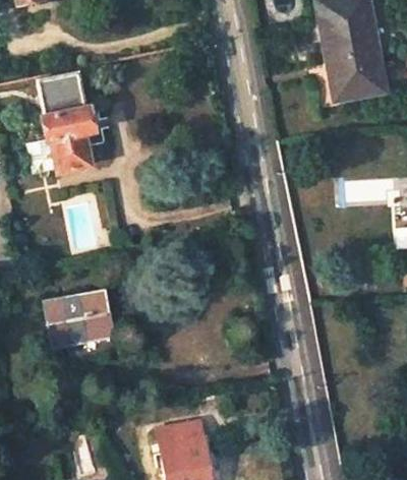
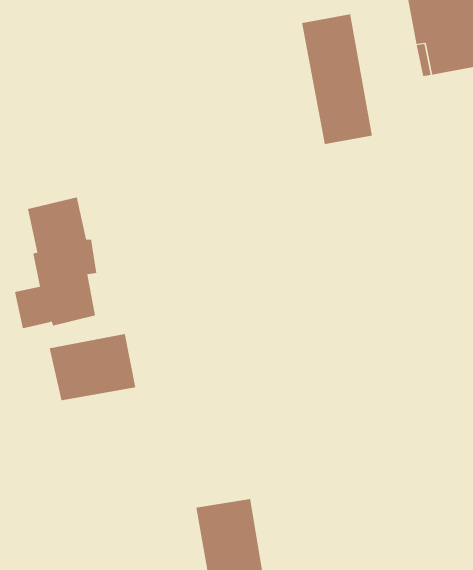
building: none -> [301,13,372,145]
building: [28,76,93,178] -> [14,197,97,329]

